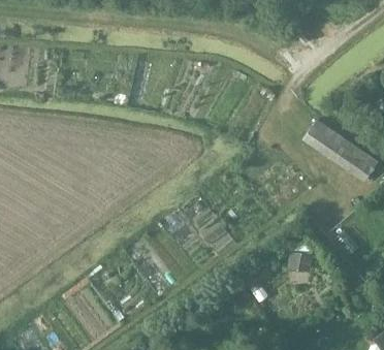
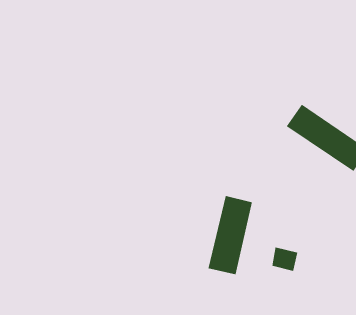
building: none -> [208,195,252,275]

